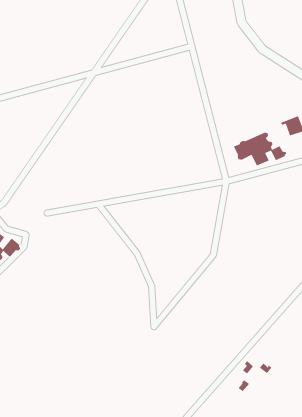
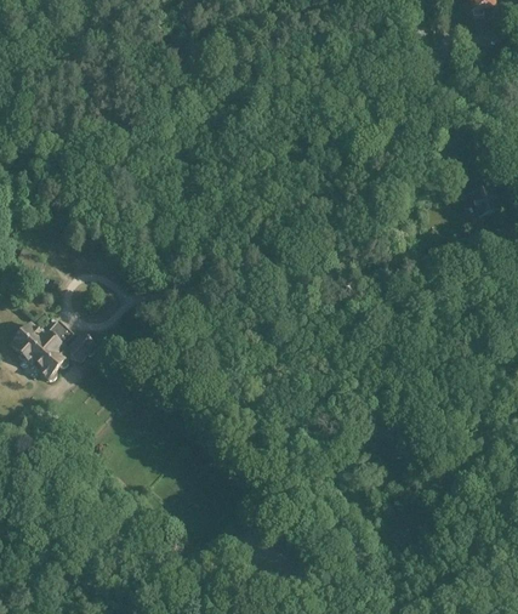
building: [233,132,287,166] -> none

